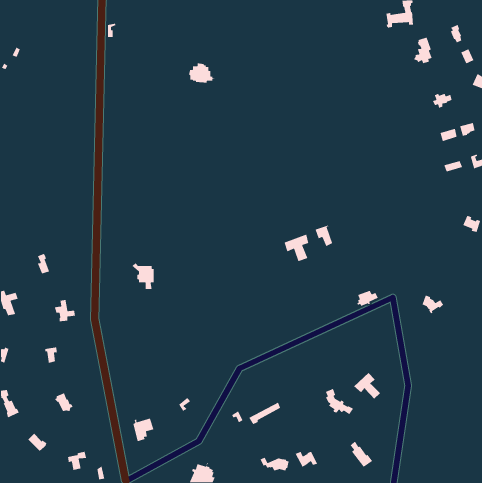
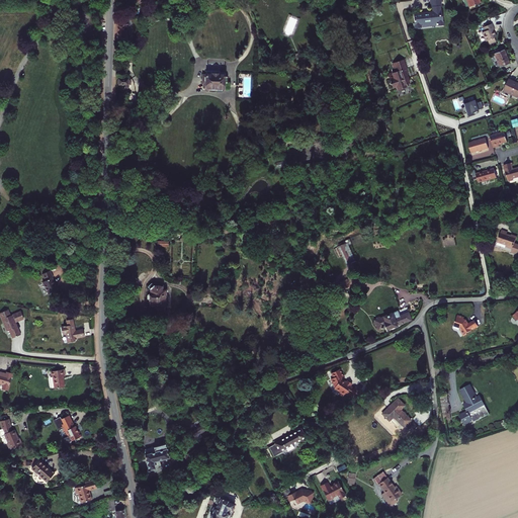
building: [413,37,433,64] -> [388,59,410,88]
building: [283,234,309,262] -> none
building: none -> [458,384,490,425]
building: [325,388,354,415] -> [328,368,359,398]

